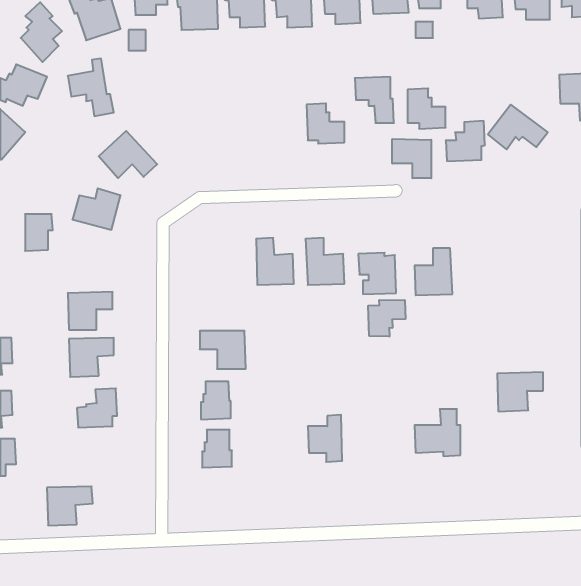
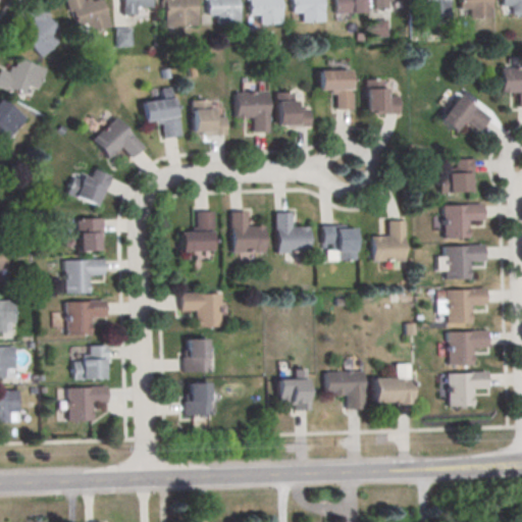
building: [68,59,114,116] -> [143,87,184,138]
building: none -> [237,91,270,132]
building: none -> [194,99,228,135]
building: [446,121,485,161] -> [439,157,474,193]
building: [392,139,431,178] -> none
building: [25,214,53,251] -> [80,218,104,251]
building: none -> [443,202,484,238]
building: none -> [182,210,216,251]
building: none -> [445,244,485,279]
building: [368,300,405,337] -> none
building: none -> [446,288,486,323]
building: none -> [325,370,365,409]
building: none -> [447,371,487,407]
building: [47,486,93,525] -> [67,386,108,421]

